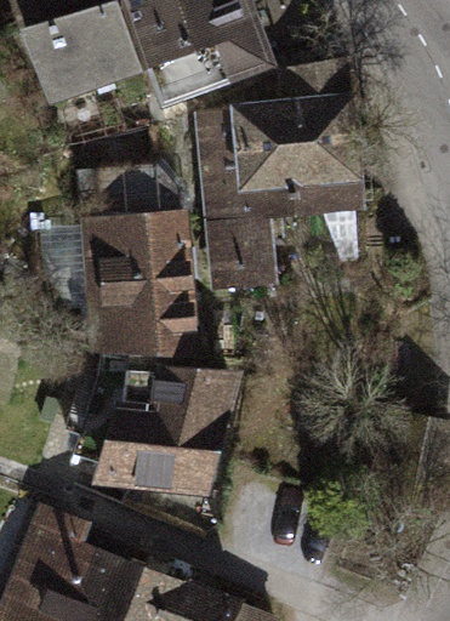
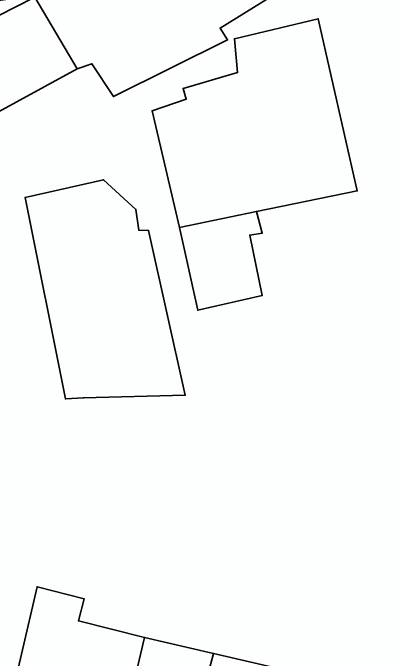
building: [70,353,226,488] -> none

